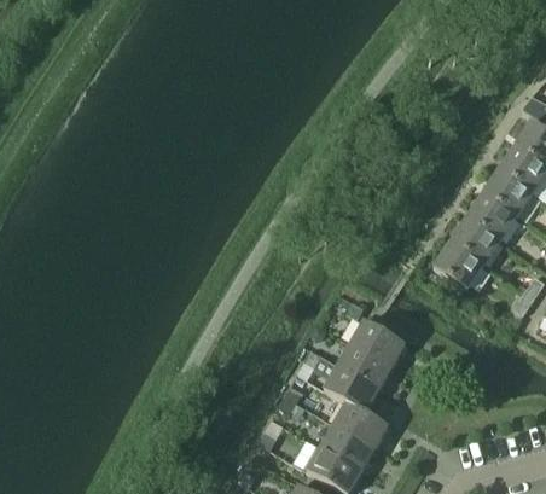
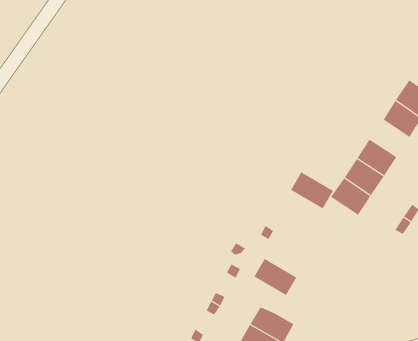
building: [481,169,532,216] -> none
building: [350,319,405,366] -> [290,171,334,209]
building: [323,365,378,411] -> none

